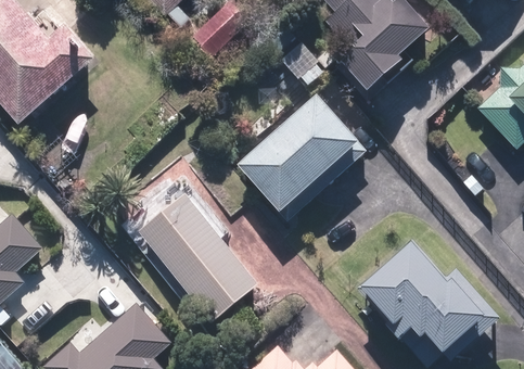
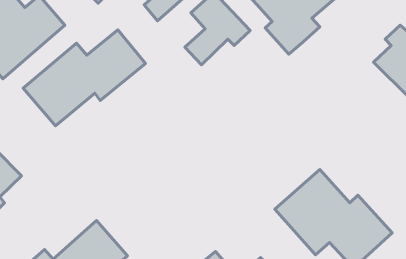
building: none -> [23,30,145,126]
building: [234,97,363,221] -> none
building: [131,184,261,322] -> none

